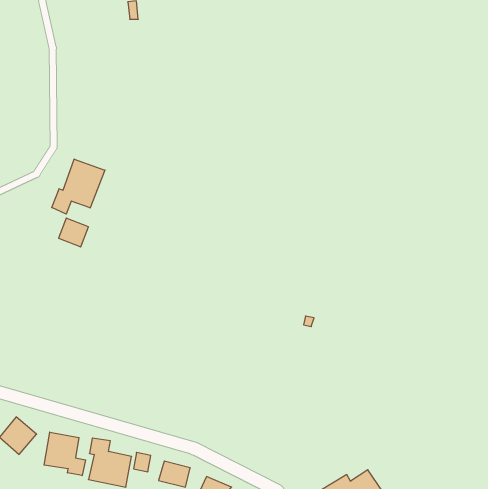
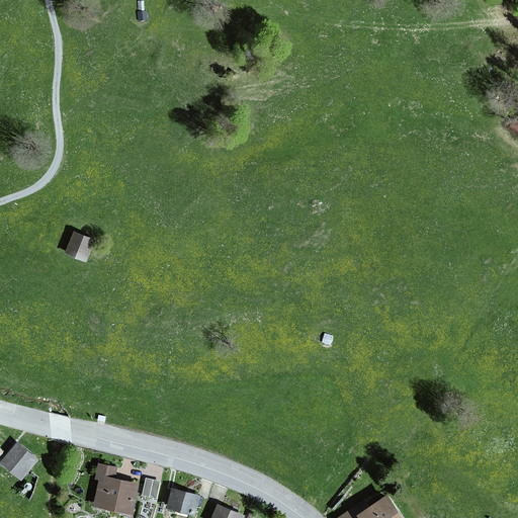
building: [52,159,105,214] -> none
building: [44,432,86,476] -> none

